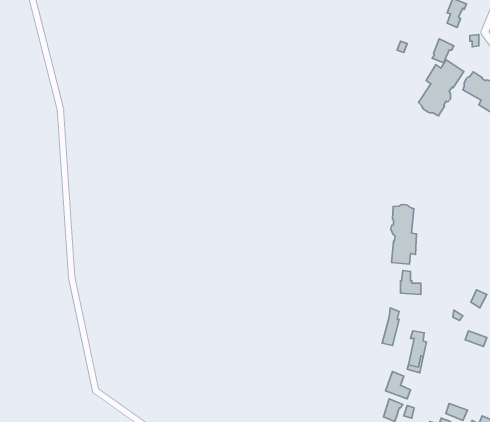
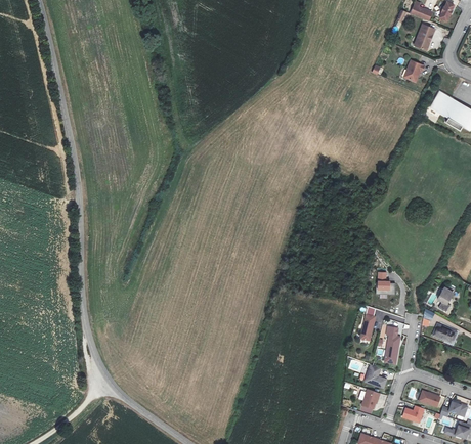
building: [418,60,464,116] -> none
building: [391,204,417,264] -> none

